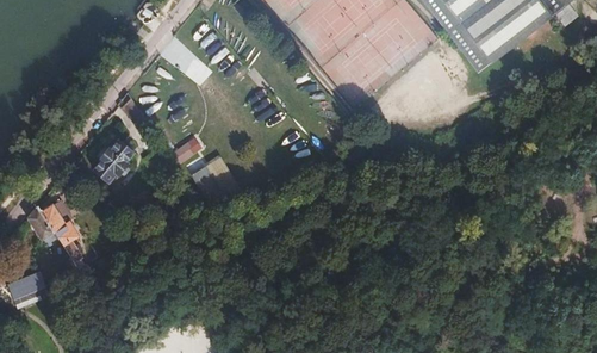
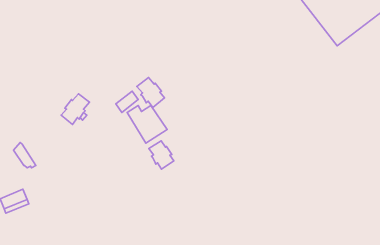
building: none -> [137,78,164,108]
building: [39,202,88,274] -> none
building: none -> [149,141,174,169]

